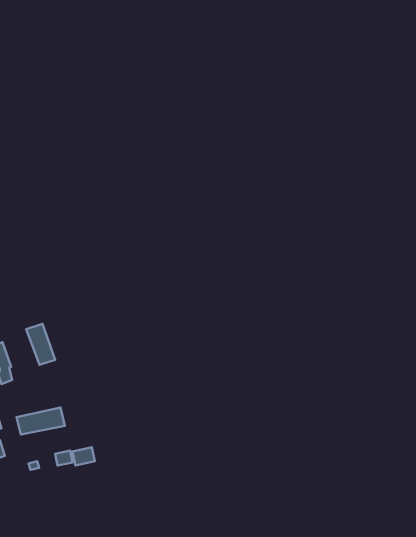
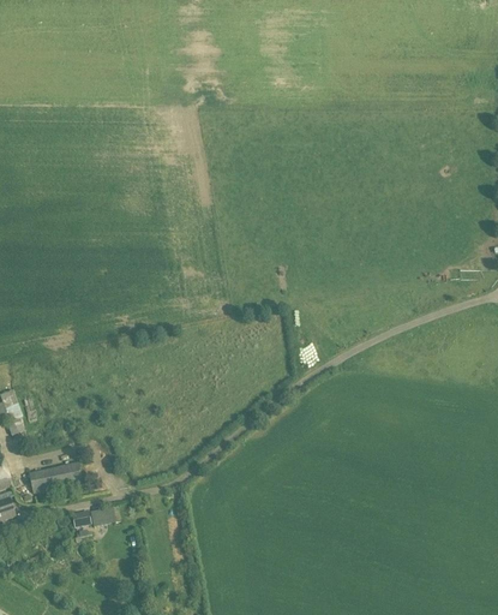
building: [26,324,55,365] -> none

